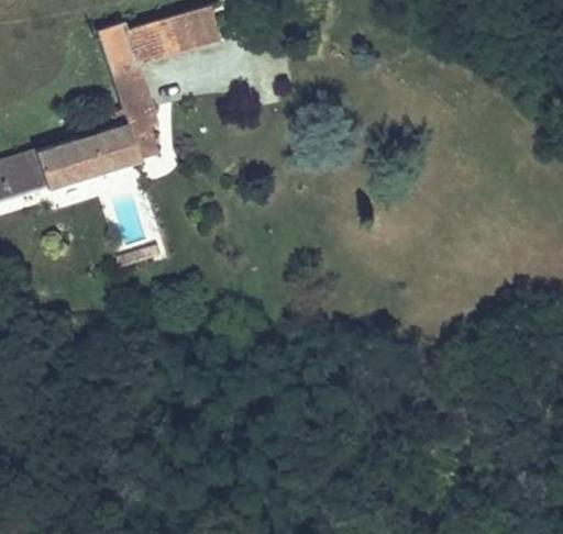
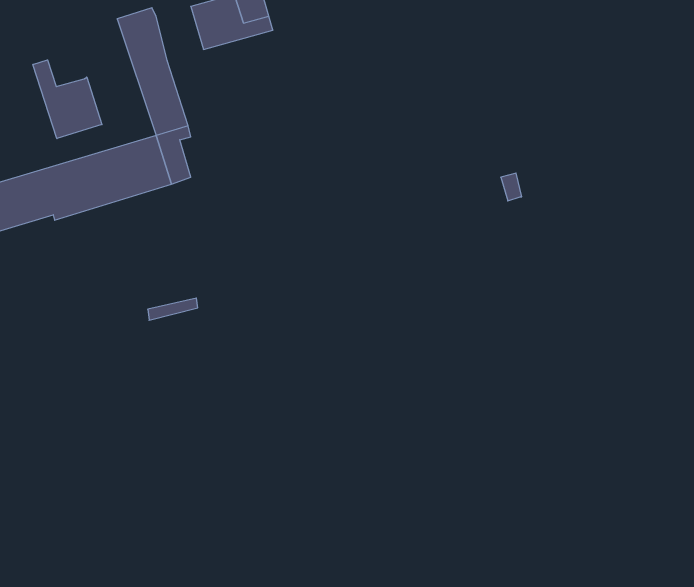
building: [129,21,166,64] -> none
building: none -> [33,60,102,139]

